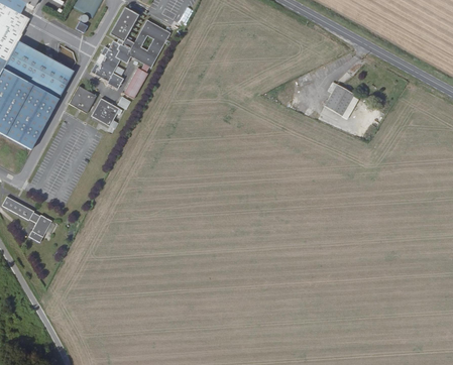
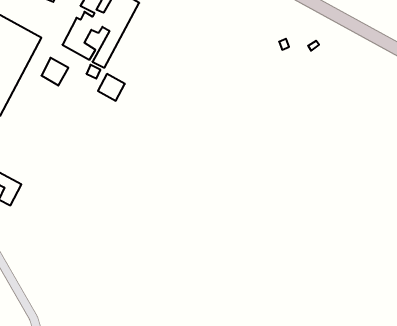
building: [323,86,353,118] -> none
building: [94,102,121,129] -> [98,74,125,101]

